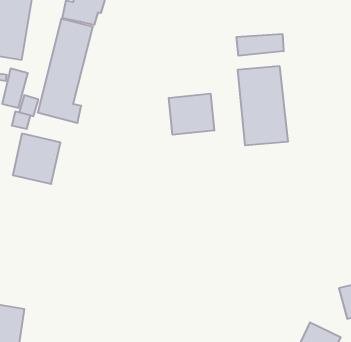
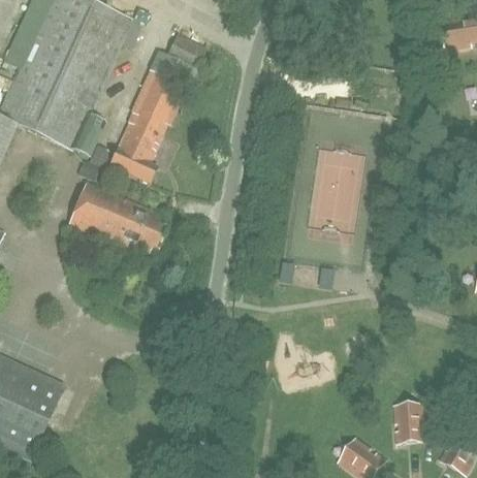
building: [237,34,284,56] -> none
building: [169,94,214,135] -> none
building: none -> [106,201,163,258]

